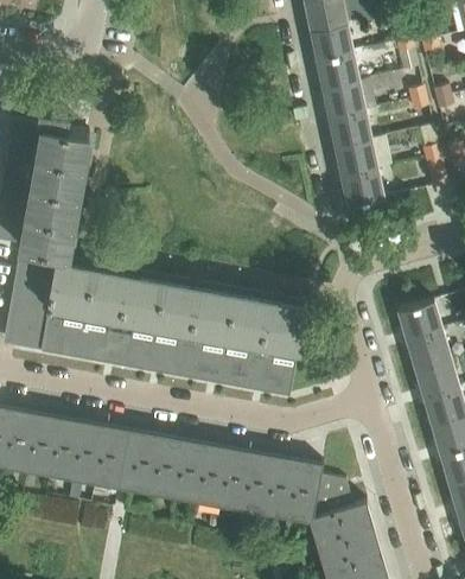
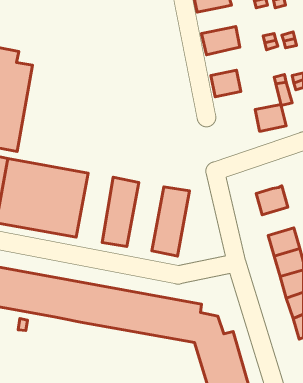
building: [317,53,359,90] -> none
building: [330,112,371,148] -> none
building: [342,171,384,208] -> [255,105,286,131]
building: [149,284,200,380] -> none
building: [219,297,270,392] -> none
building: [407,331,451,370] -> none

